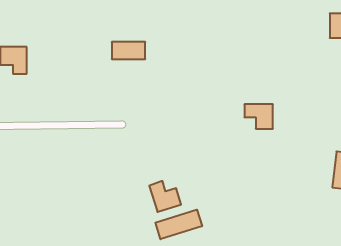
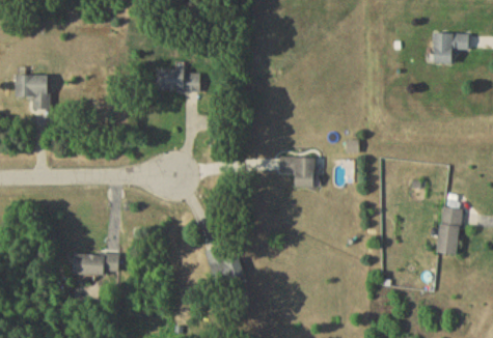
building: [244,104,273,129] -> [279,158,316,189]
building: none -> [72,253,117,274]
building: [155,210,202,239] -> none

